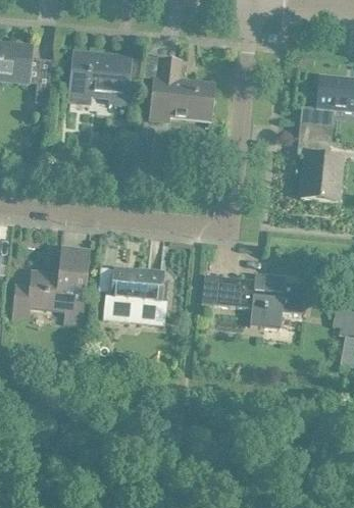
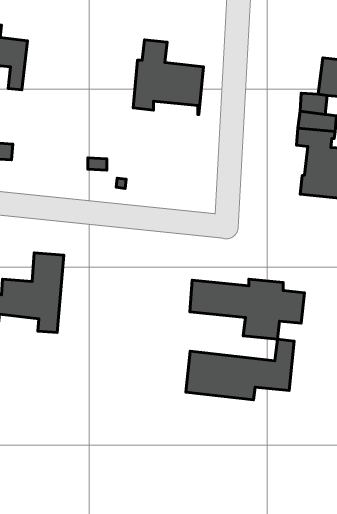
building: [67,50,130,117] -> none
building: [102,266,166,323] -> none
building: none -> [186,339,294,400]

